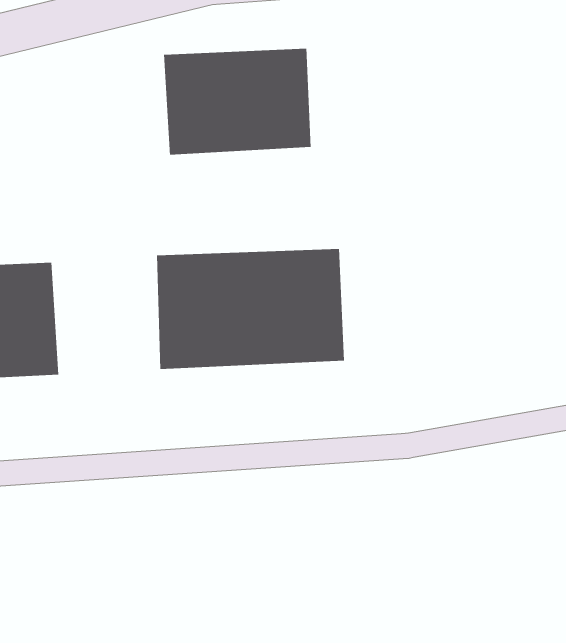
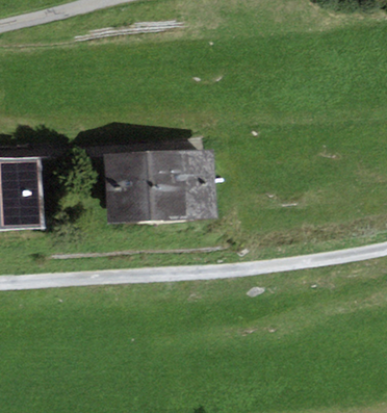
building: [163,48,311,155] -> none

